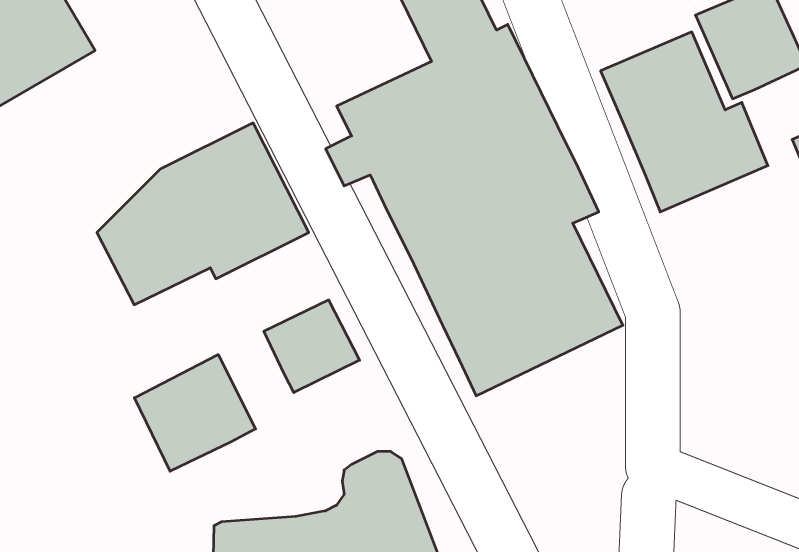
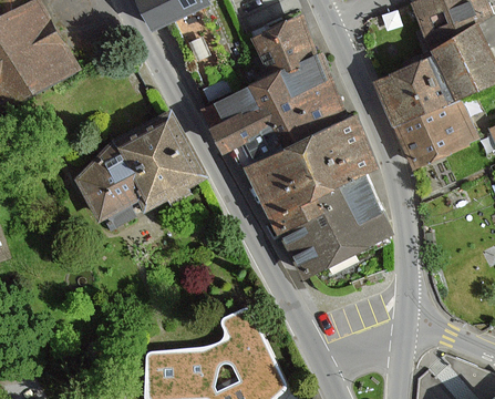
building: [264,300,360,393] -> none
building: [134,355,256,471] -> none

